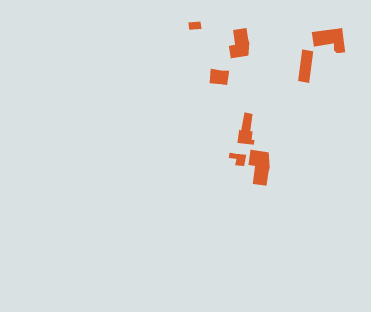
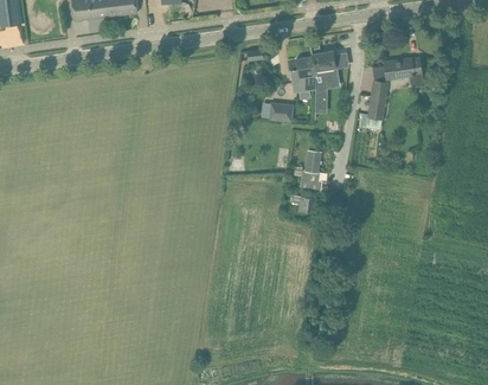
building: none -> [312,51,341,89]
building: [248,149,271,187] -> none

